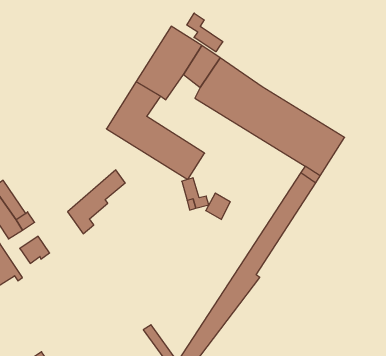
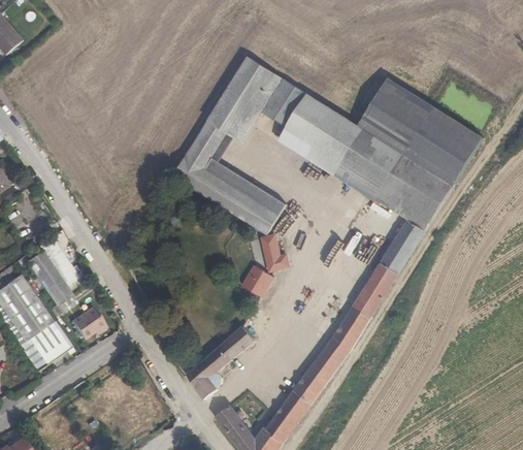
building: [187,13,223,52] -> none
building: none -> [356,76,482,186]
building: [68,170,125,234] -> [187,324,255,399]
building: [206,193,230,219] -> [243,265,272,296]

